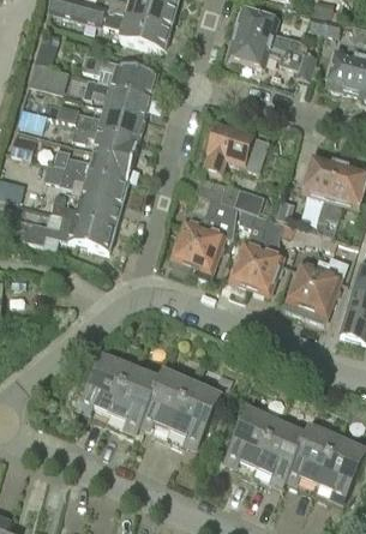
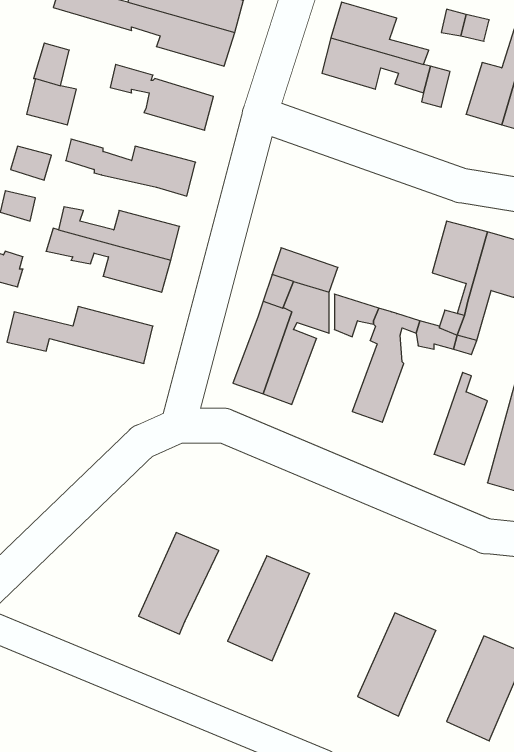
building: [84,73,150,115] -> none
building: [72,122,138,158] -> none
building: [204,124,268,173] -> none
building: [53,188,121,226] -> none
building: [230,235,266,283] -> none
building: [286,256,324,312] -> none
building: [77,352,131,421] -> none
building: [137,368,192,438] -> none
building: [224,406,278,475] -> none
building: [284,421,338,492] -> none

